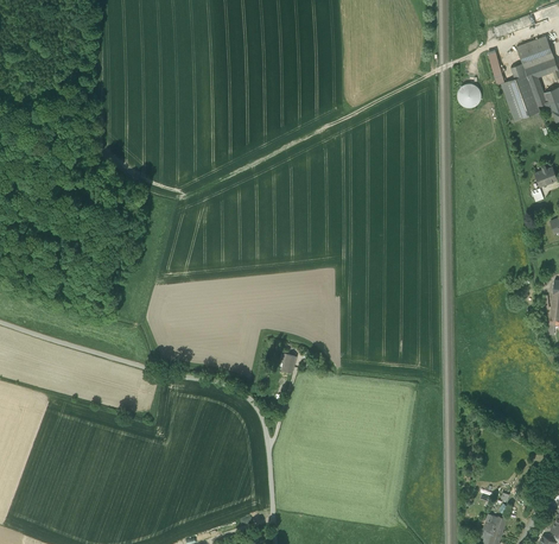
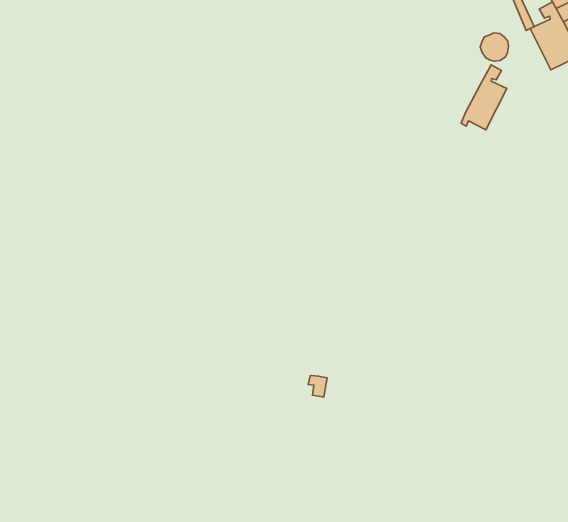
building: none -> [461,65,507,130]

